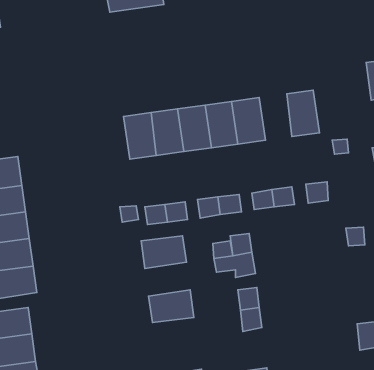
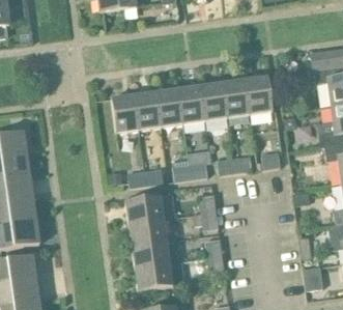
building: none -> [223,79,250,117]
building: none -> [128,218,166,246]
building: none -> [135,261,184,290]

